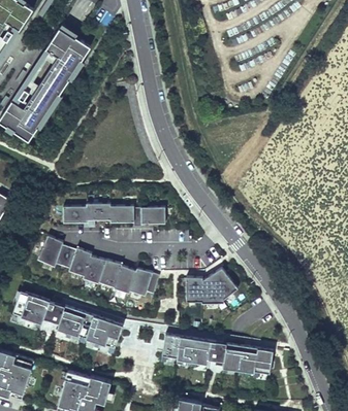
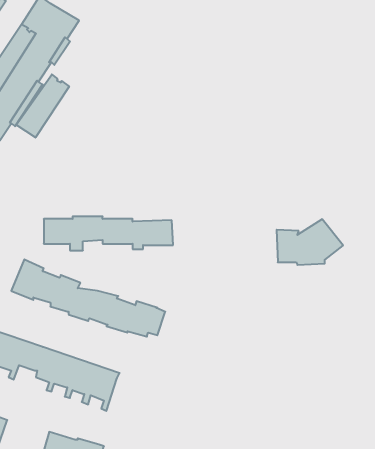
building: none -> [16,74,69,138]
building: [184,268,236,304] -> [277,219,343,265]
building: [159,334,272,379] -> none

